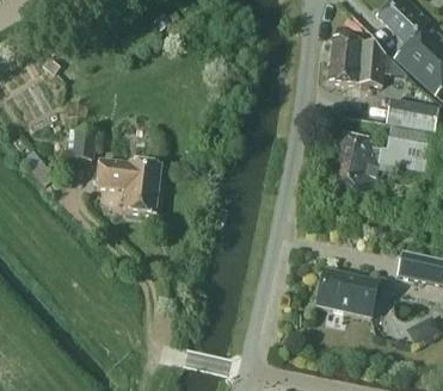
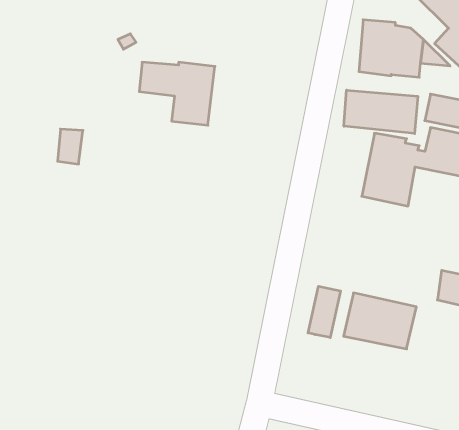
building: none -> [344,90,418,134]
building: [96,160,160,213] -> [139,62,215,125]
building: none -> [308,286,341,338]

